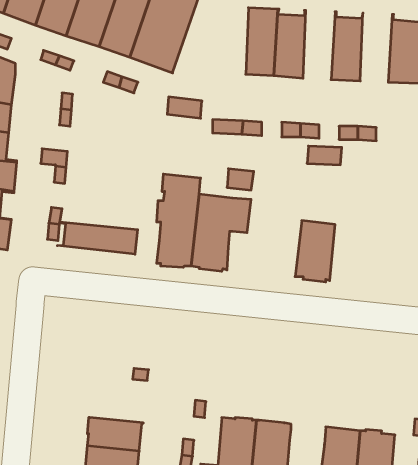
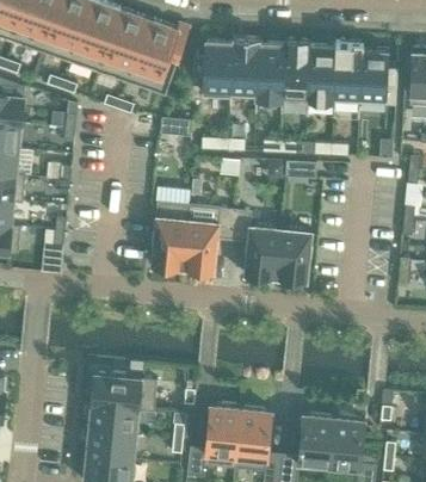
building: none -> [195,38,233,98]
building: none -> [282,41,310,103]
building: none -> [333,43,362,105]
building: none -> [231,210,280,280]
building: [57,222,138,254] -> none
building: none -> [91,375,156,413]

